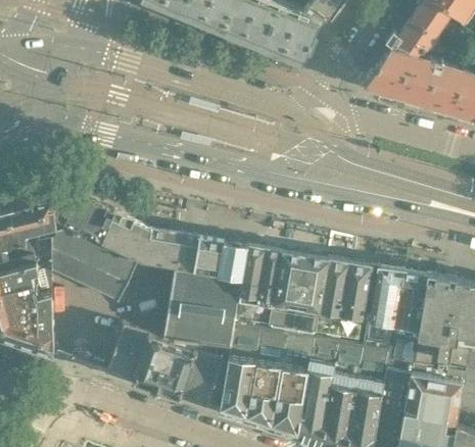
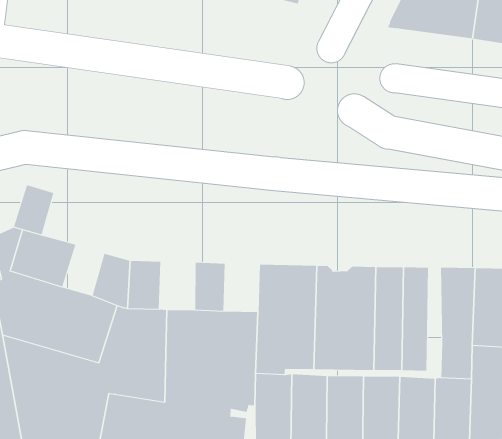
building: [100,214,134,253] -> [13,184,54,235]
building: [169,236,199,275] -> none
building: [216,244,246,283] -> none

